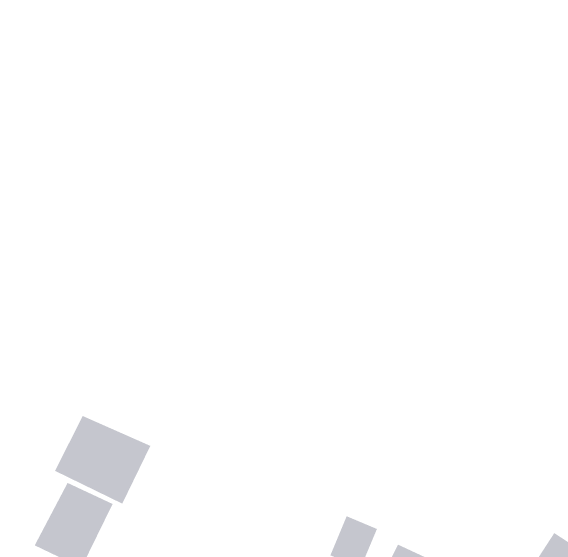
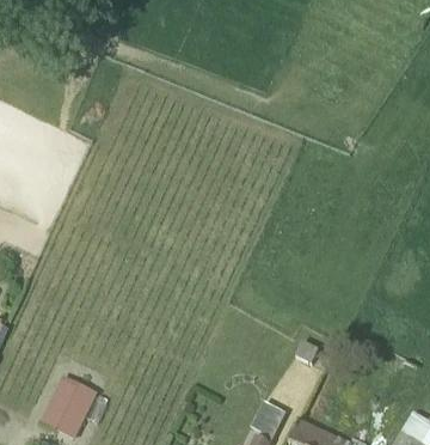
building: [54,415,151,504] -> none

